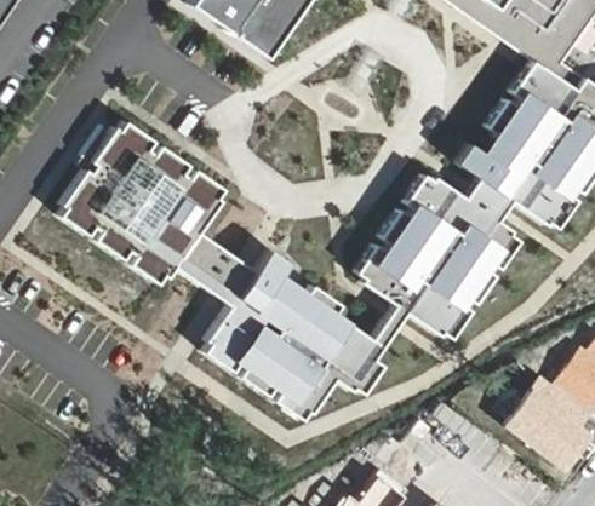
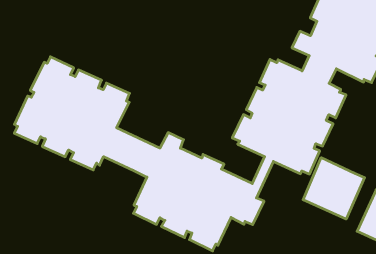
building: none -> [303,158,365,219]

